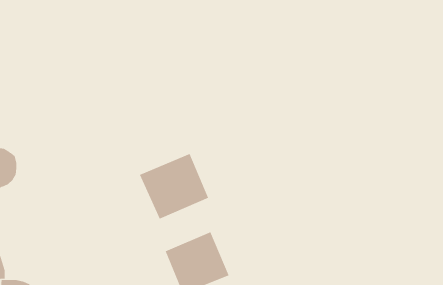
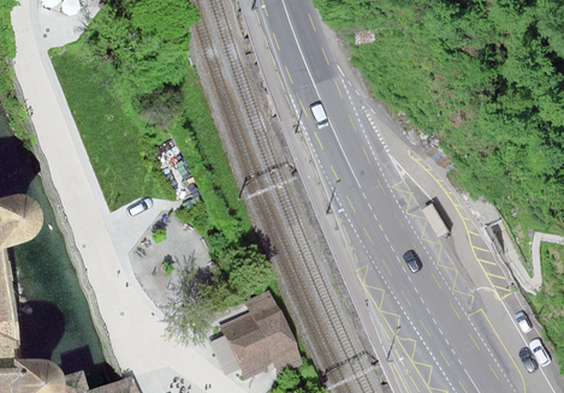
building: [139,153,209,219] -> none

